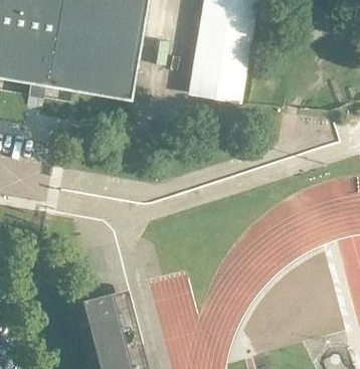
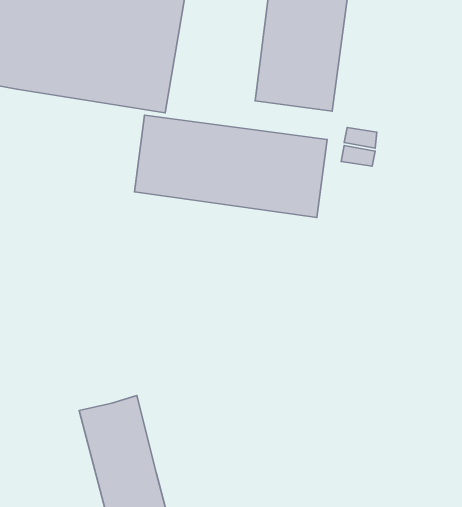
building: none -> [135,115,327,217]

